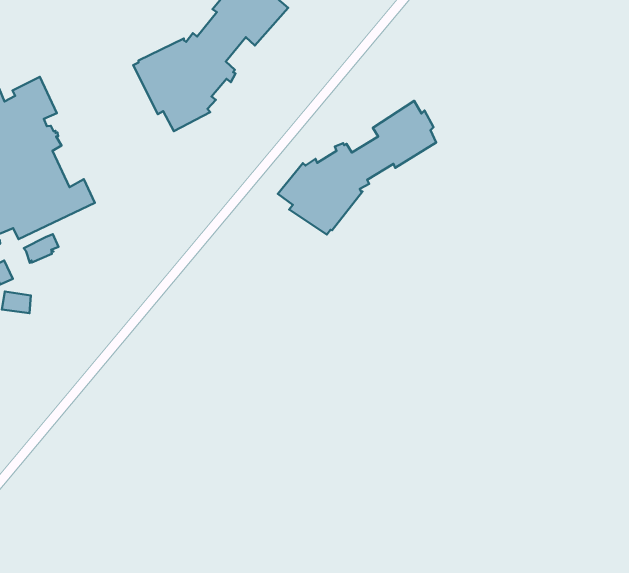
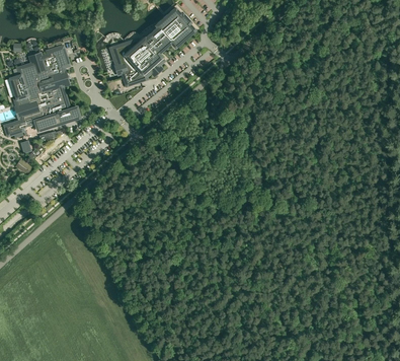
building: [278,101,436,234] -> none

